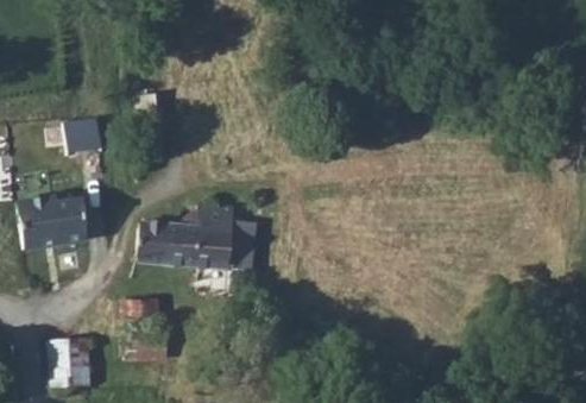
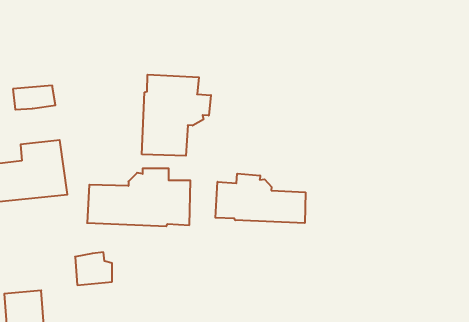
building: none -> [142,75,211,156]
building: none -> [215,174,305,223]

